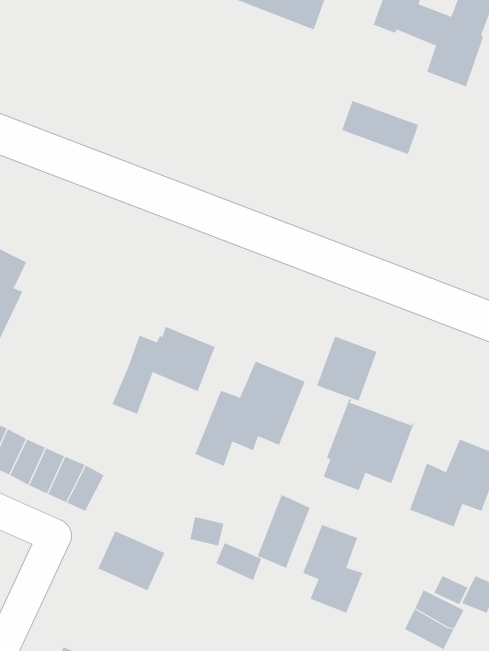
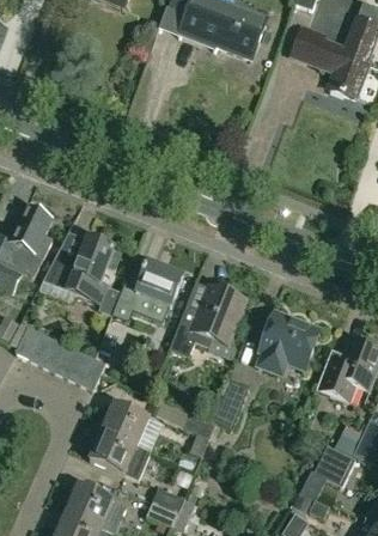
building: [341,100,419,155] -> none
building: none -> [50,236,122,312]
building: [317,336,377,401] -> none
building: [302,524,363,614] -> none
building: none -> [90,428,136,471]

